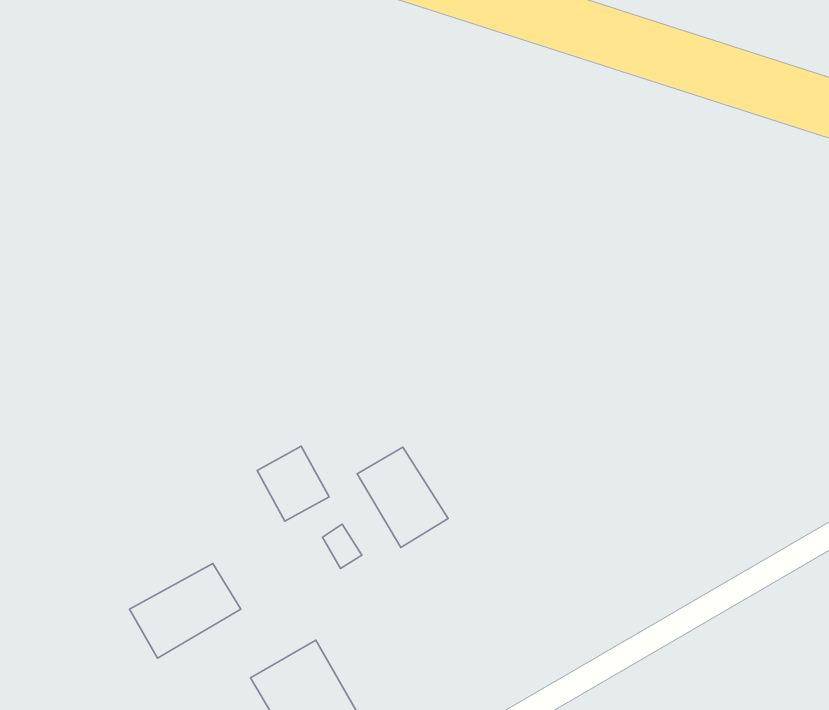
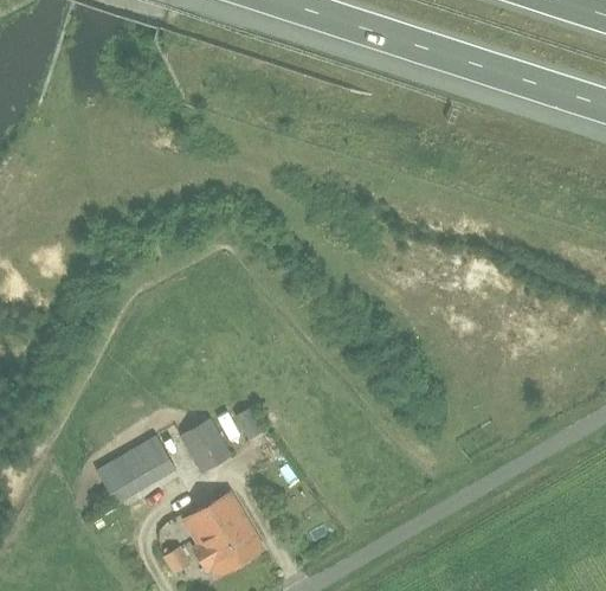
building: [257,446,329,521] -> [180,418,232,473]
building: [357,447,448,548] -> none

